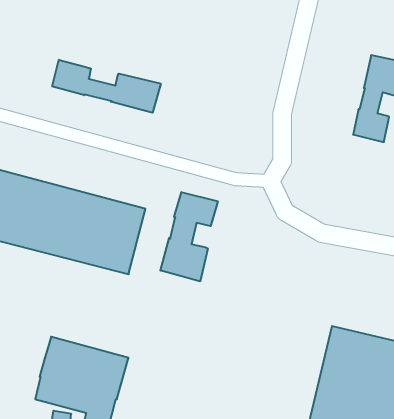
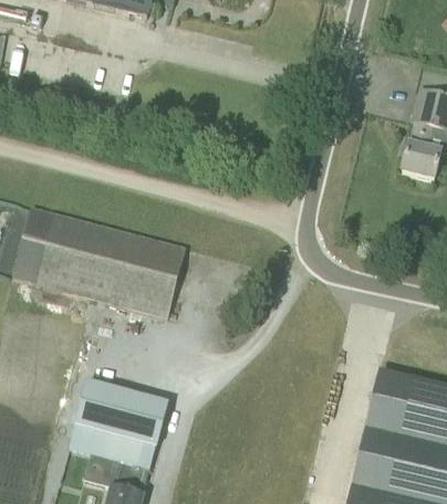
building: [52,60,161,113] -> none
building: [160,192,218,281] -> none

